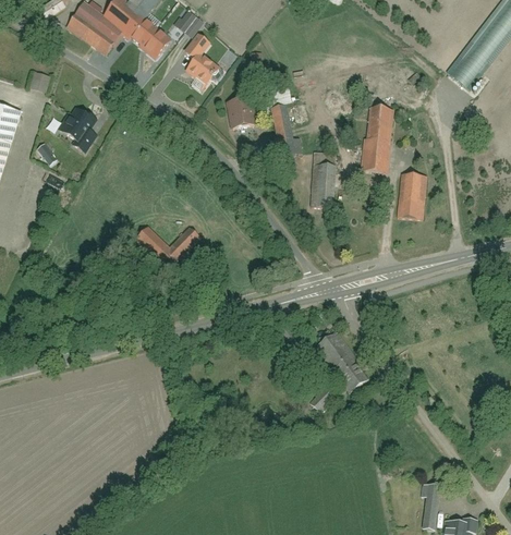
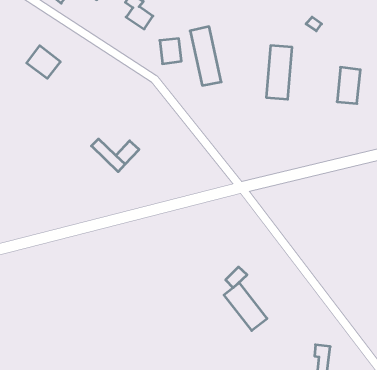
building: [311,166,334,205] -> none
building: [398,172,427,218] -> [337,67,360,104]
building: [314,332,368,392] -> [224,283,267,331]

